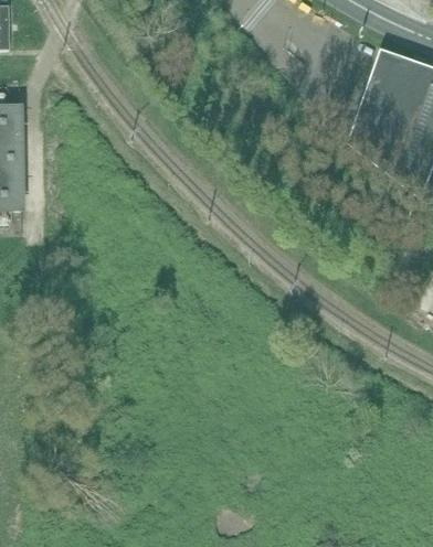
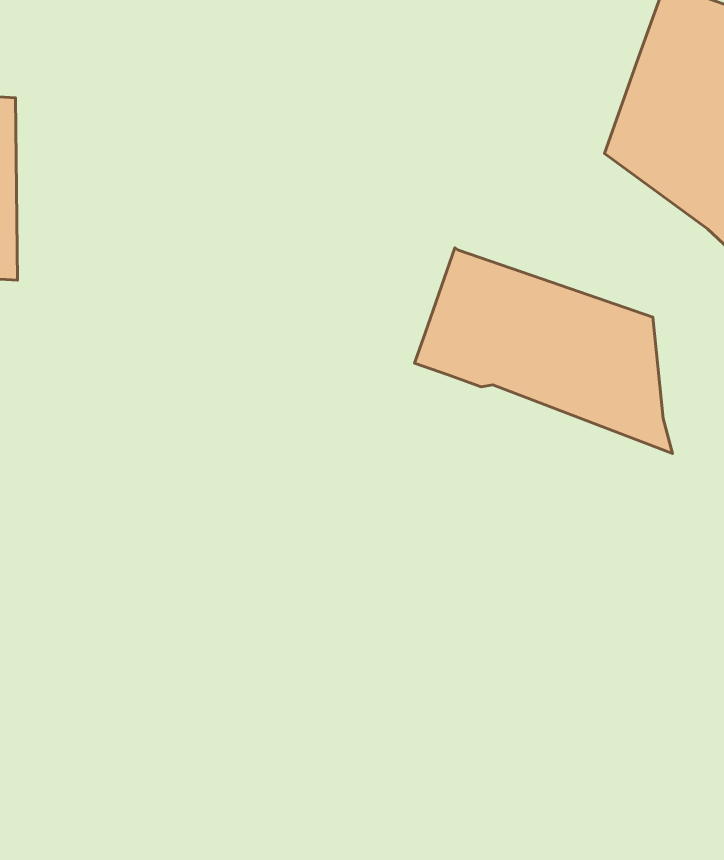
building: none -> [415,248,673,454]

